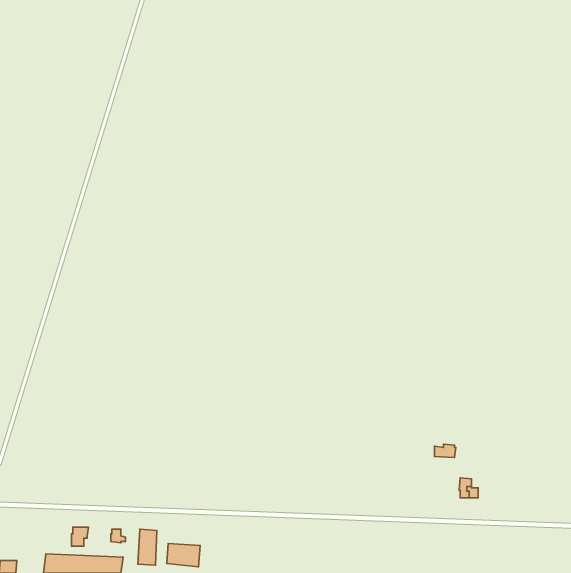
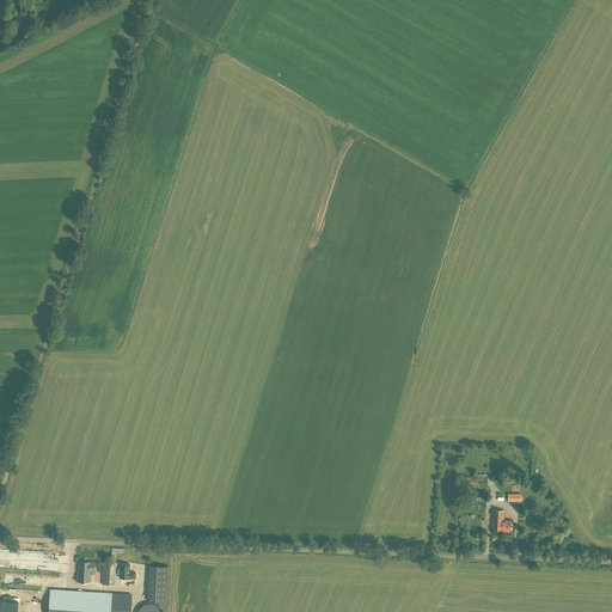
building: [167,544,200,567] -> none

